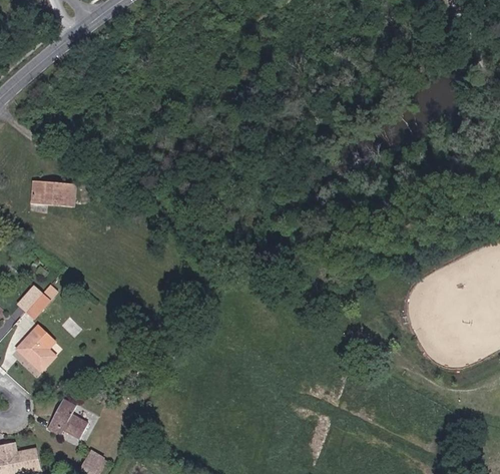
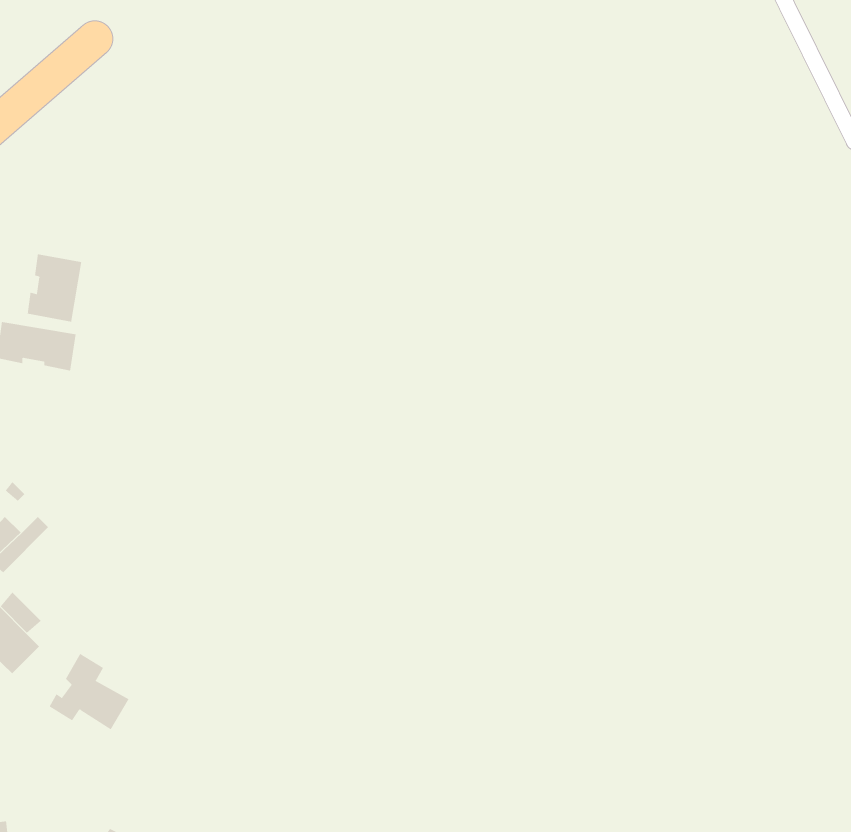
building: none -> [27,253,82,322]
building: [44,399,88,441] -> [49,653,129,730]

